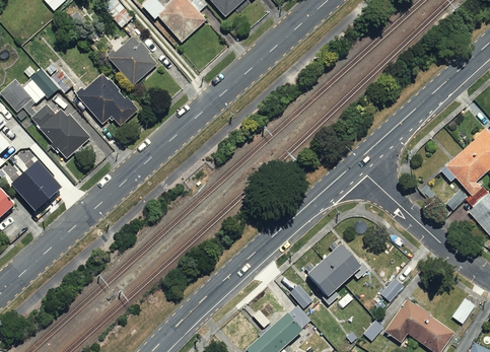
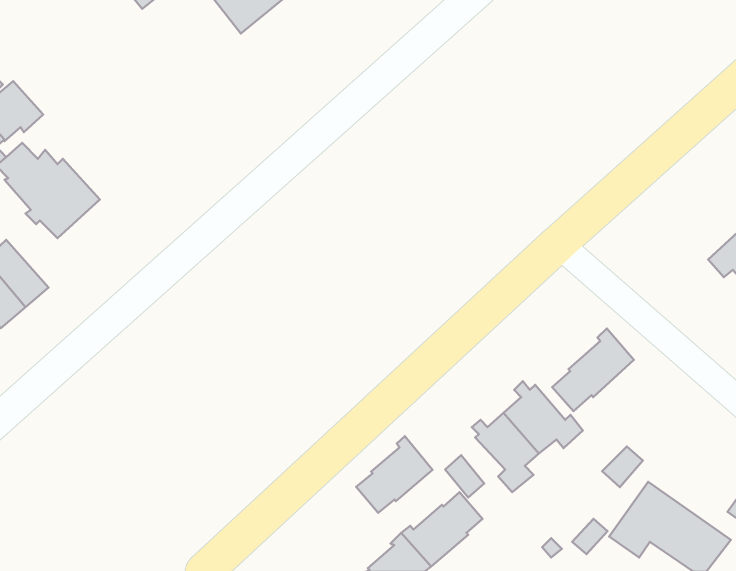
building: [101,31,156,86] -> none
building: [72,72,131,124] -> none
building: none -> [552,328,634,411]
building: none -> [356,436,433,513]

